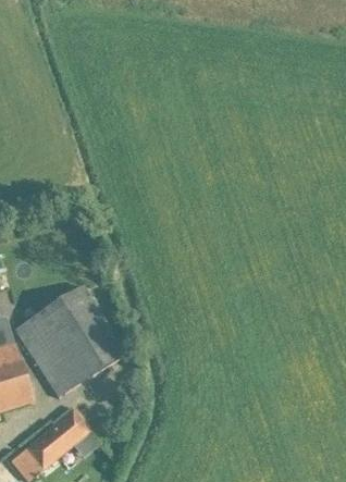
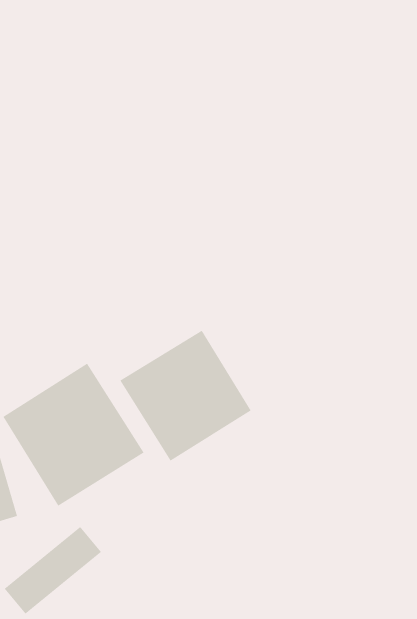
building: none -> [120,330,251,462]

